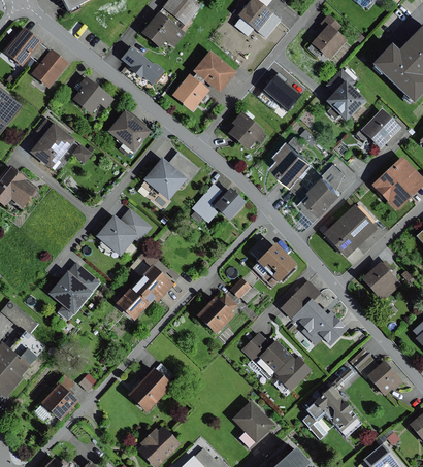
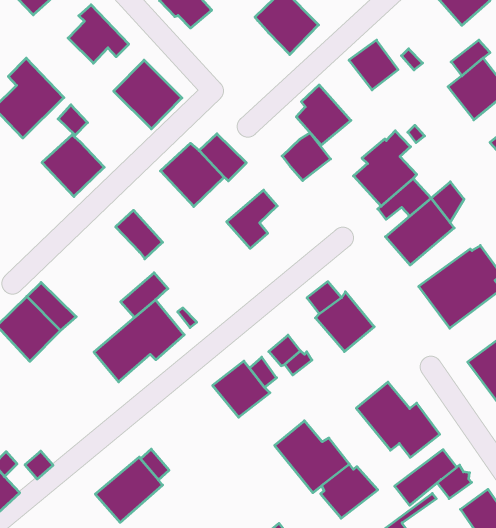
building: [171,73,208,111] -> none
building: [213,188,245,220] -> [282,133,331,181]
building: [95,215,136,256] -> [42,135,104,197]
building: [280,279,319,319] -> [395,450,457,505]

